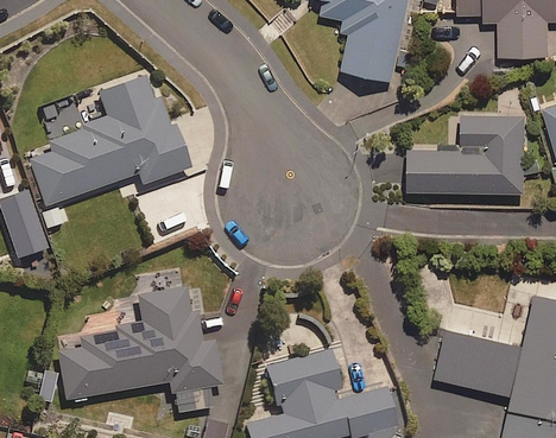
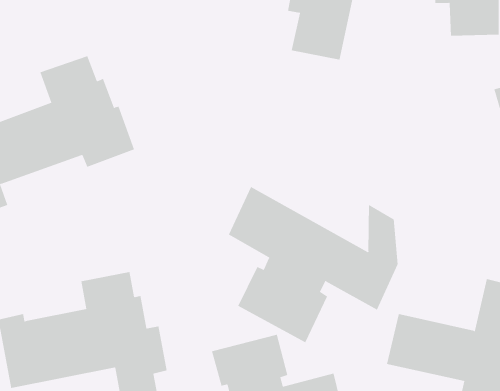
building: [407,115,524,192] -> none
building: none -> [228,186,398,343]

